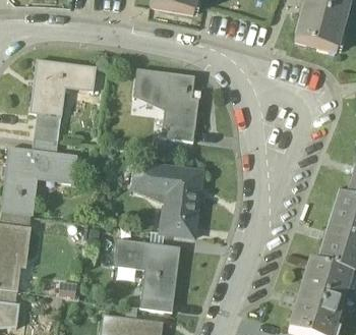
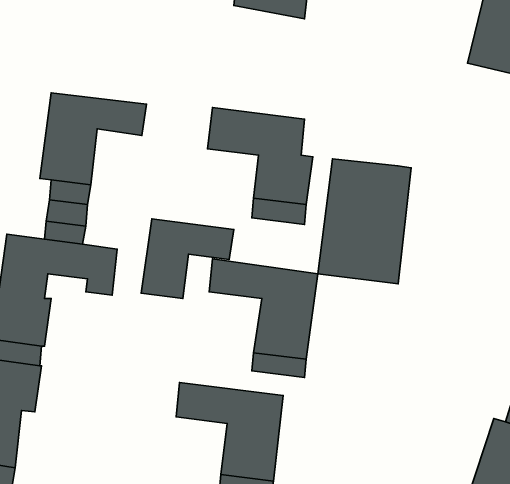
building: none -> [318,159,411,284]
building: none -> [141,219,234,299]

